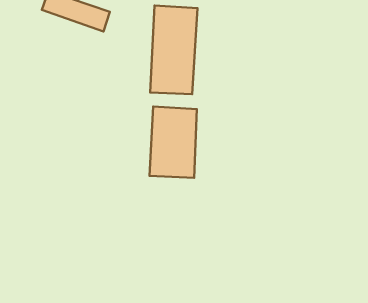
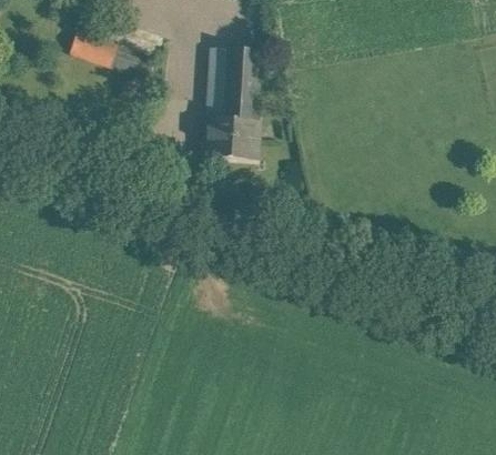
building: [149,107,197,178] -> none

